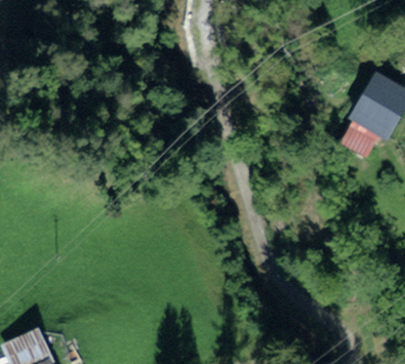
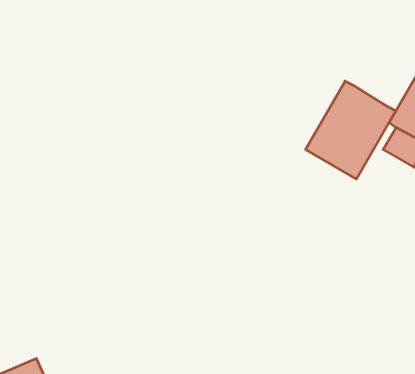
building: none -> [306,81,396,179]

